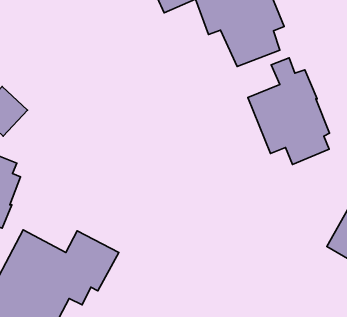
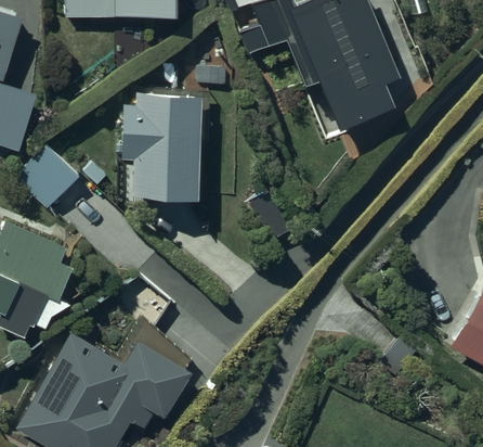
building: none -> [122,95,200,201]
building: [248,58,330,165] -> none

